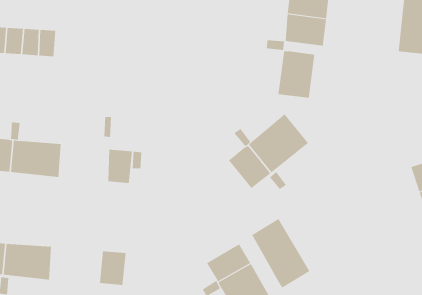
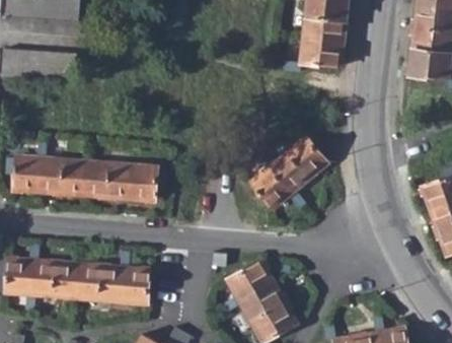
building: [278,50,315,99] -> none
building: none -> [83,163,131,200]
building: [251,218,310,288] -> none
building: none -> [74,263,125,298]

